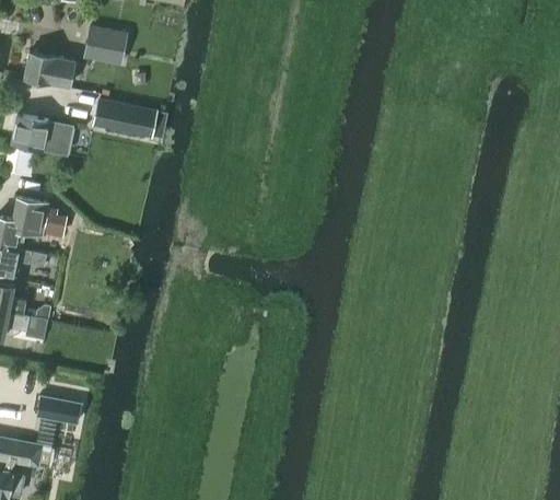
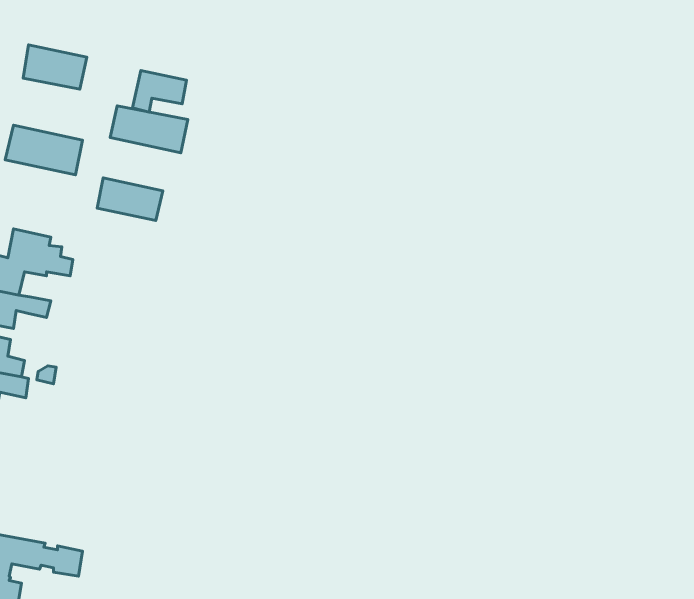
building: [83,27,126,60] -> [132,70,186,112]
building: none -> [97,178,163,220]
building: [35,395,81,423] -> none

